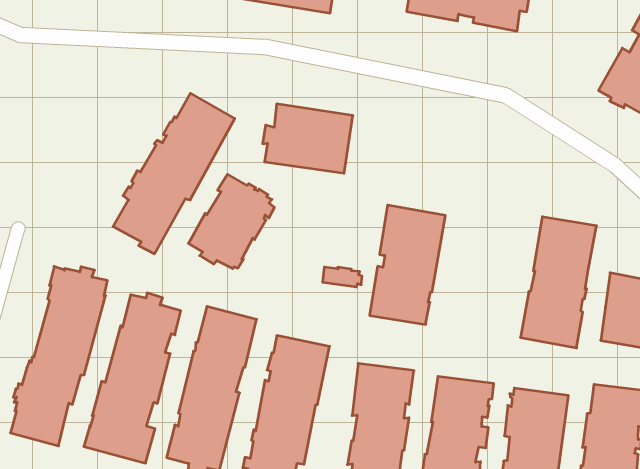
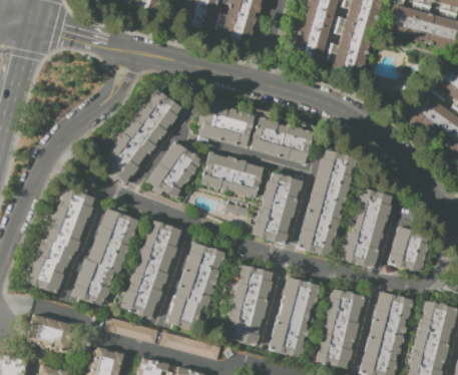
building: none -> [249,118,312,164]
building: none -> [299,149,355,256]
building: none -> [199,153,264,200]

